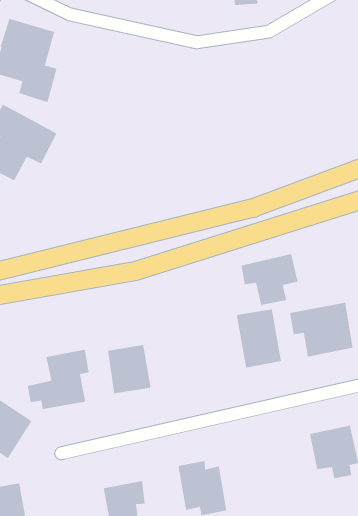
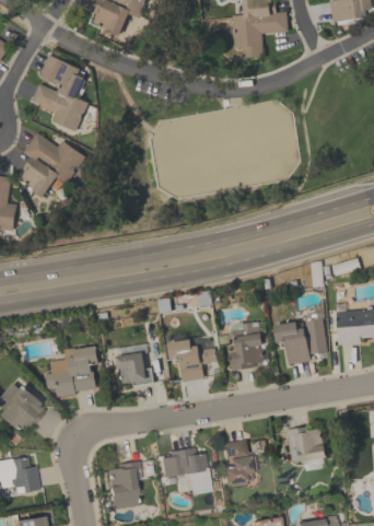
building: [240,253,299,306] -> [168,338,218,382]
building: none -> [221,439,256,488]

